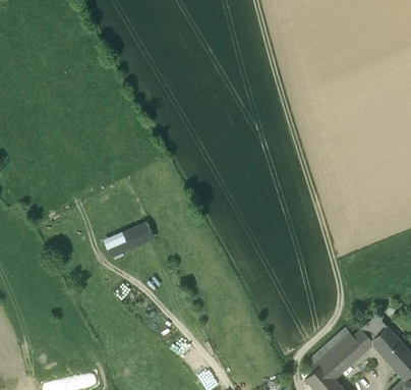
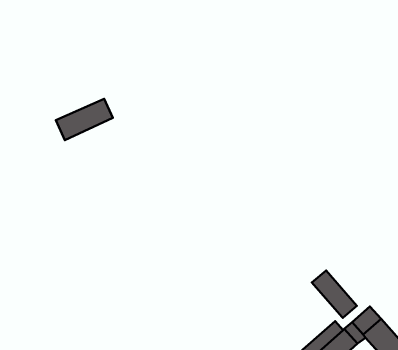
building: [103,221,155,259] -> [56,99,113,140]
building: none -> [312,271,357,318]

